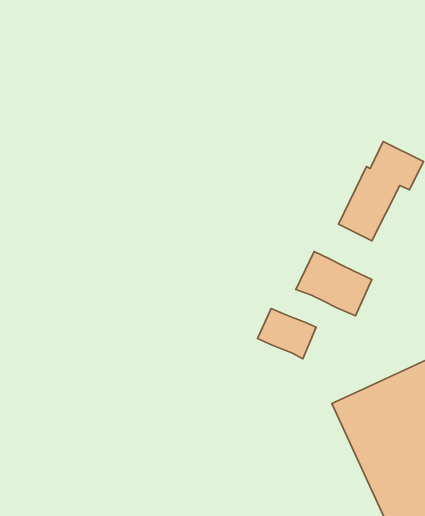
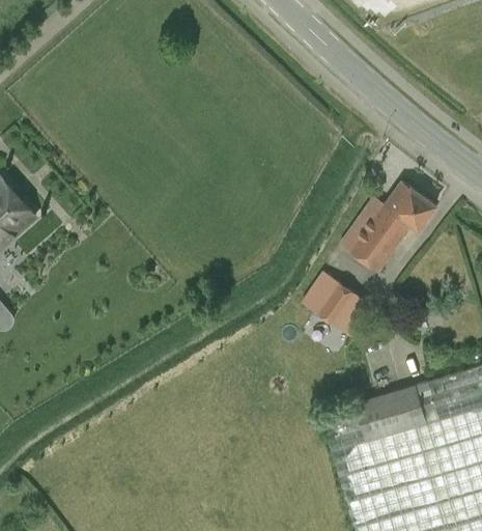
building: [258,309,316,359] -> none

